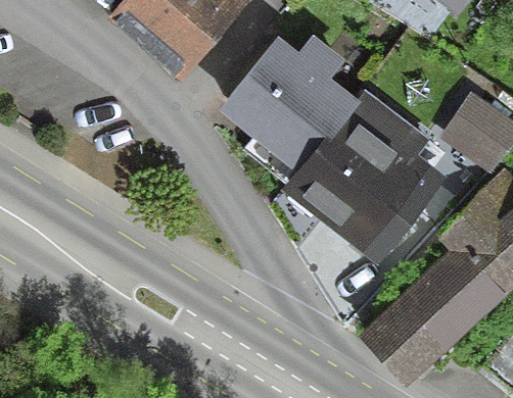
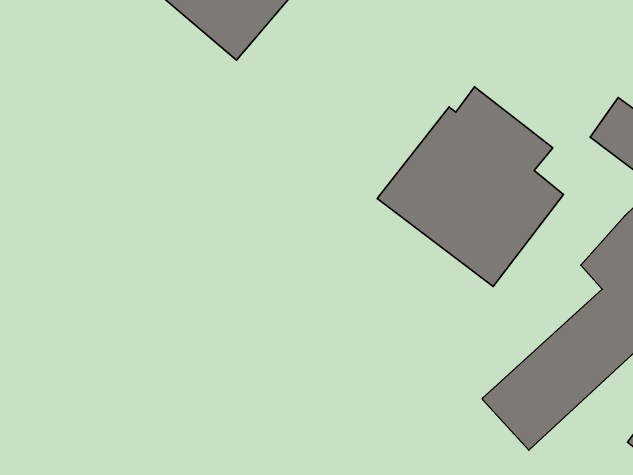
building: [234,43,357,183] -> none

